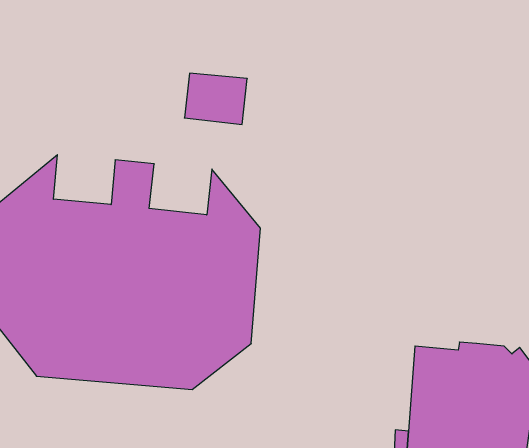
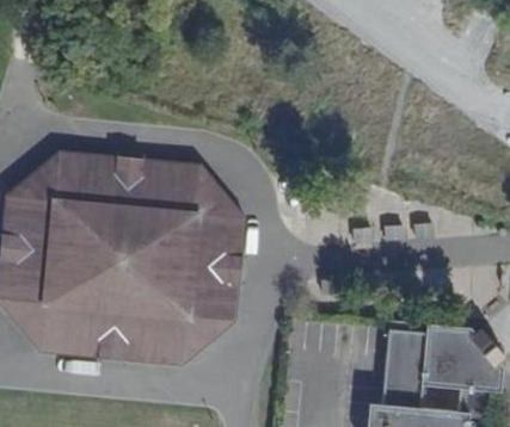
building: [184,73,247,124] -> [142,160,199,206]
building: none -> [55,151,111,197]

